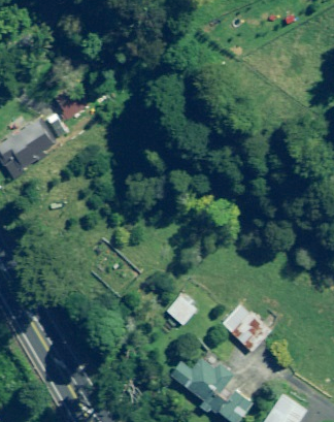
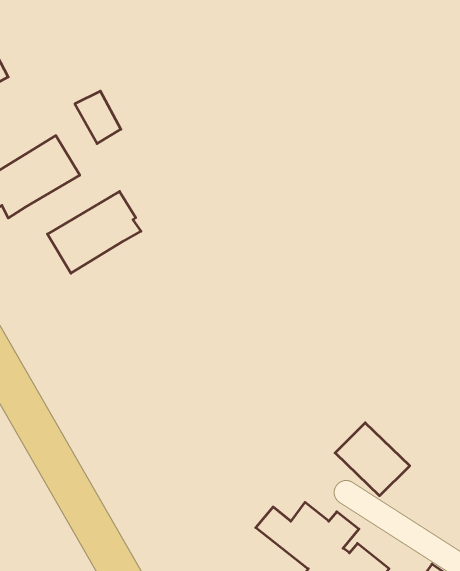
building: none -> [47,191,141,273]
building: [166,296,196,326] -> none

